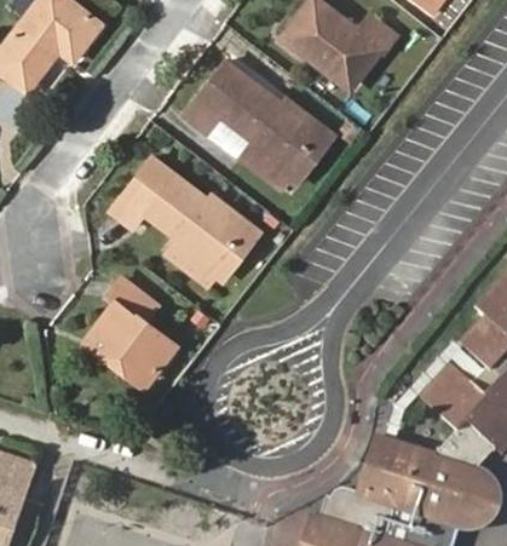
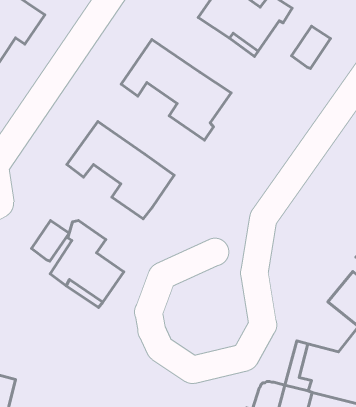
building: none -> [292,26,330,68]
building: [283,98,335,178] -> none
building: [209,195,259,275] -> none
building: none -> [31,220,69,261]

